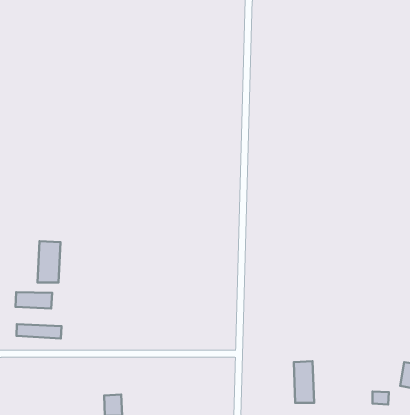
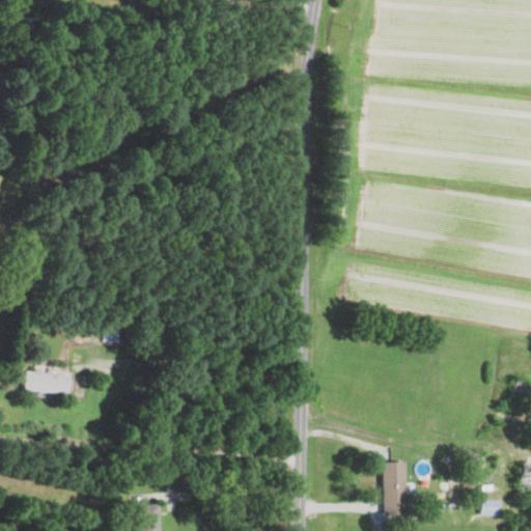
building: [38,241,60,283] -> none
building: [16,324,61,338] -> none

